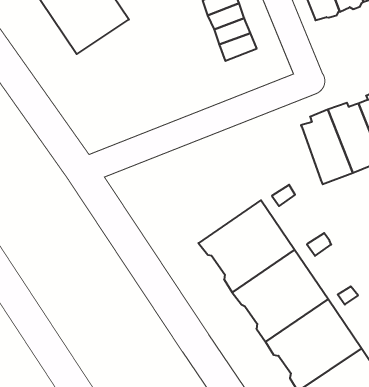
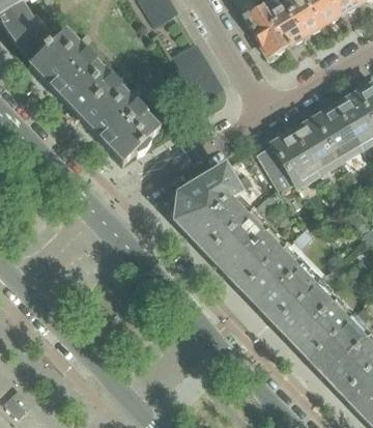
building: none -> [79,81,160,163]
building: none -> [257,143,294,192]
building: none -> [168,166,249,252]

